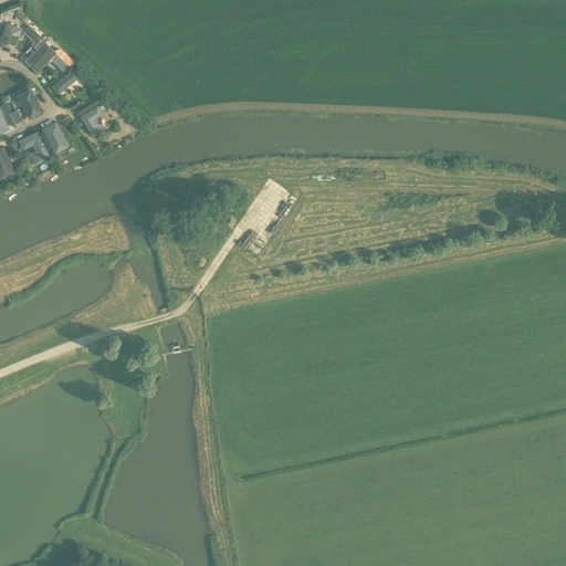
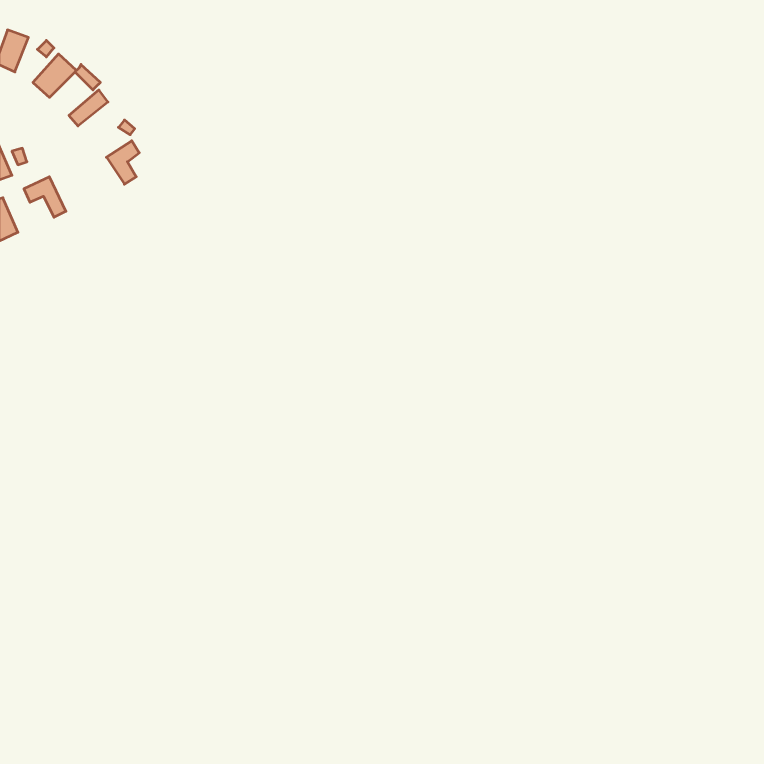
building: [15,88,43,119] -> none
building: [41,122,69,155] -> none

